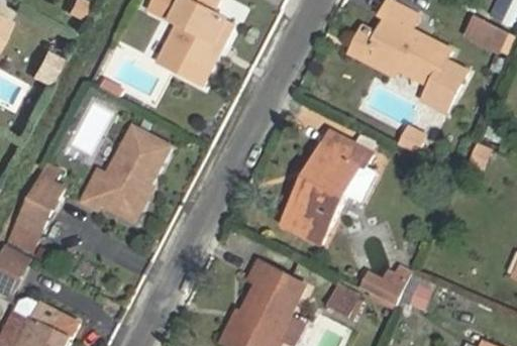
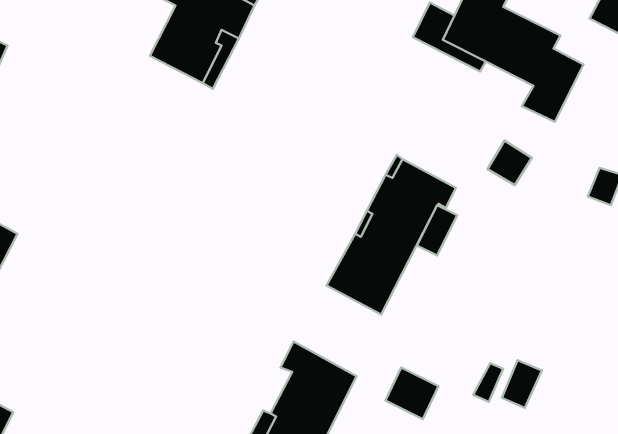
building: [79,127,167,221] -> none

